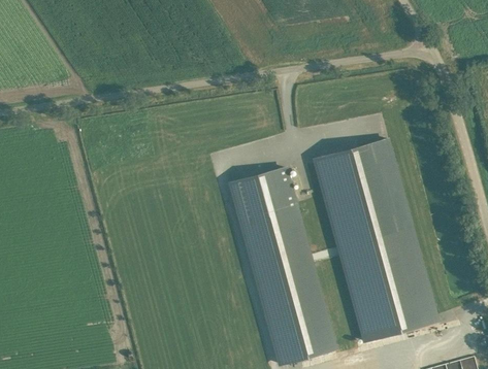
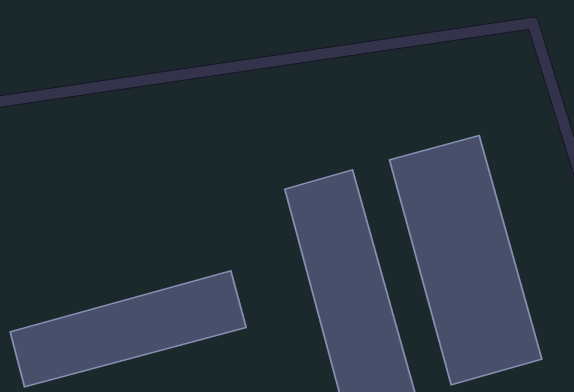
building: none -> [10,271,246,387]

